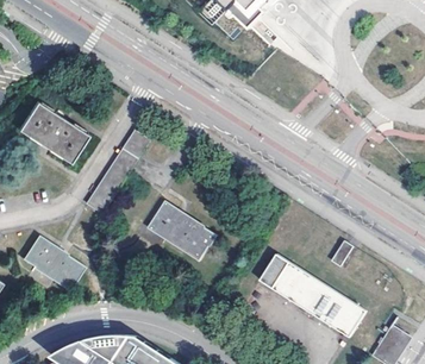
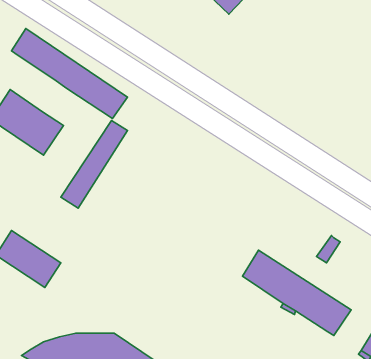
building: none -> [12,29,127,118]
building: [146,202,214,261] -> none

